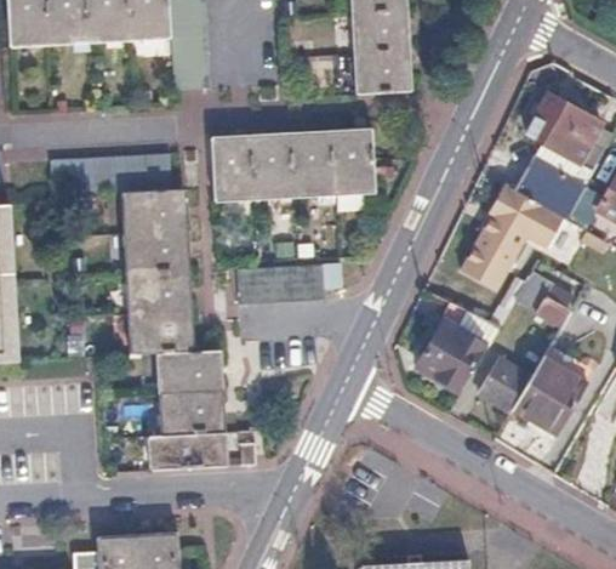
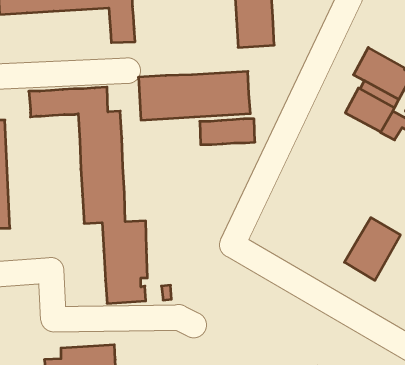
building: [461,184,564,291] -> none
building: [236,266,318,303] -> [200,119,255,145]
building: [517,277,574,325] -> none
building: [417,303,503,391] -> none
building: [481,360,532,412] -> none

